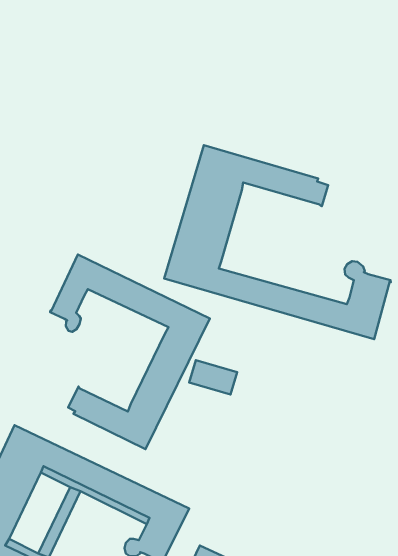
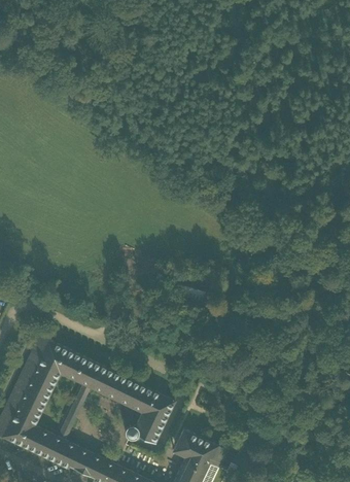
building: [164,145,391,339] -> none
building: [50,254,210,449] -> none

